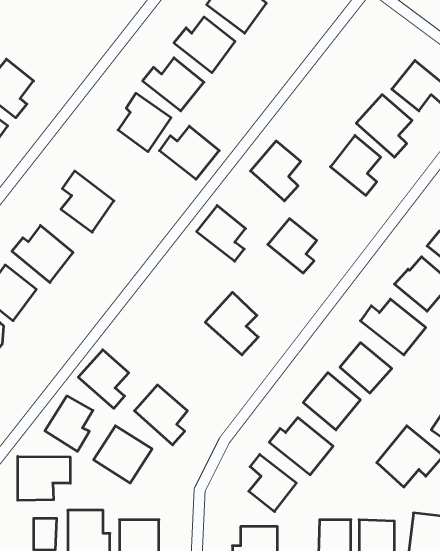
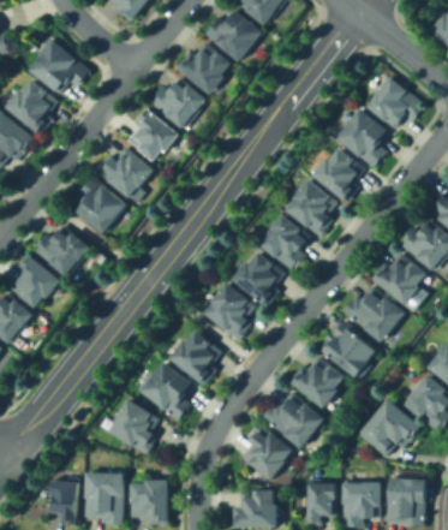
building: none -> [34,41,90,90]
building: [159,126,219,179] -> [98,149,151,196]
building: [250,141,301,201] -> [289,183,334,236]
building: [197,205,246,261] -> [237,254,280,303]
building: [78,350,129,408] -> [173,333,217,385]
building: [45,396,93,451] -> none
building: [18,456,70,500] -> none

